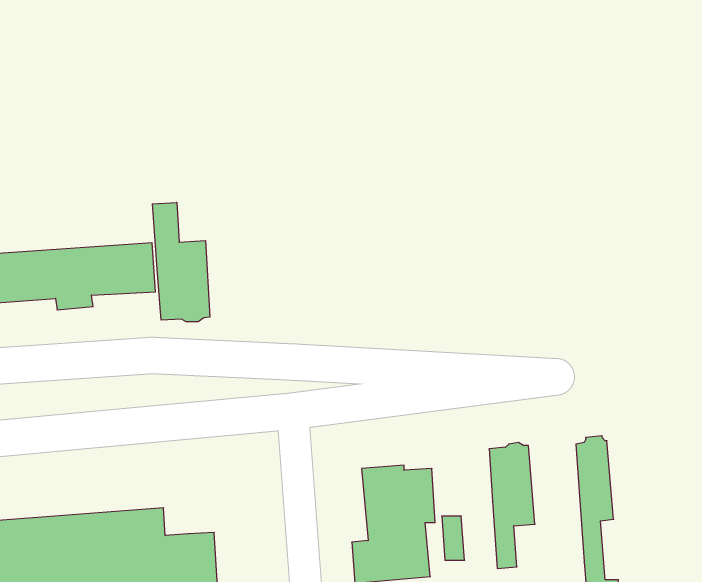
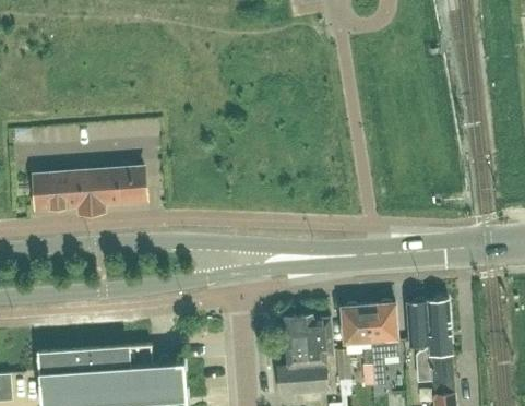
building: [152,202,210,322] -> none
building: none -> [405,299,431,382]
building: none -> [341,304,370,343]

